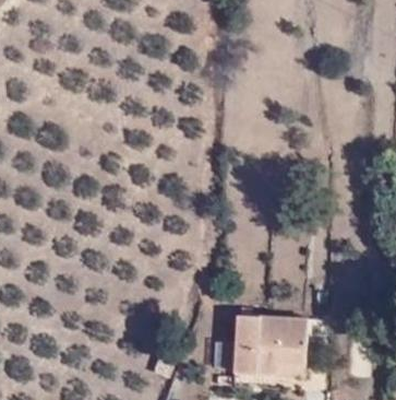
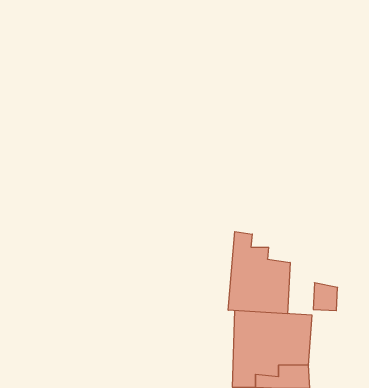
building: none -> [228,232,290,314]

